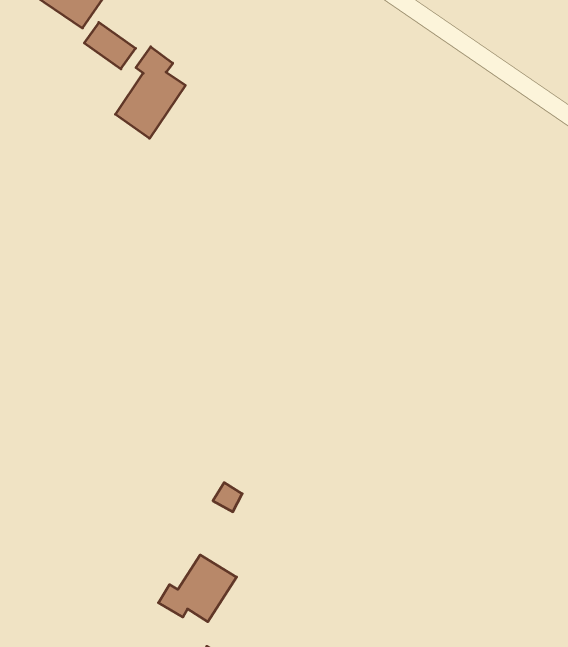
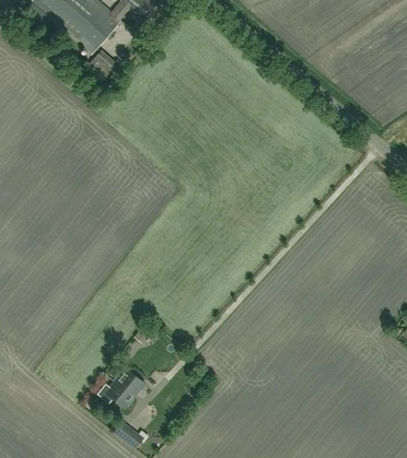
building: [115,47,185,138] -> none

